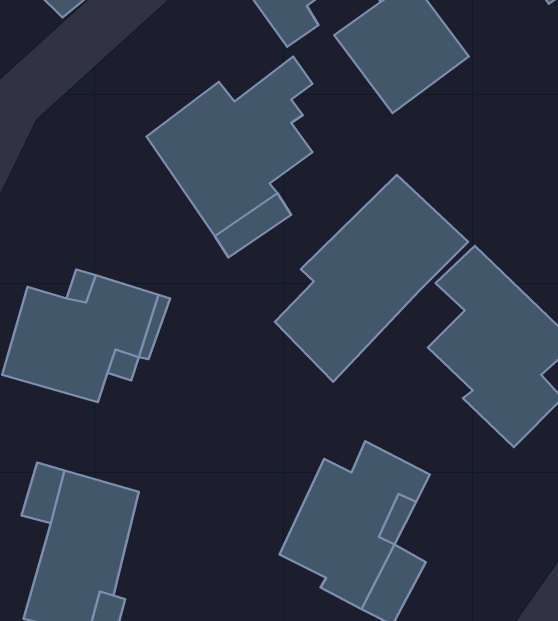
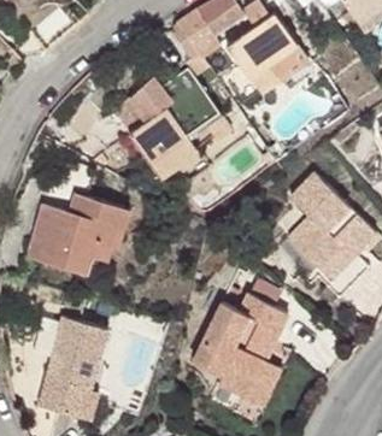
building: [275,175,468,382] -> none

